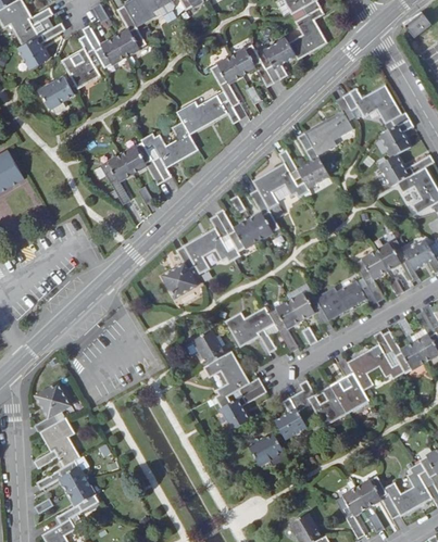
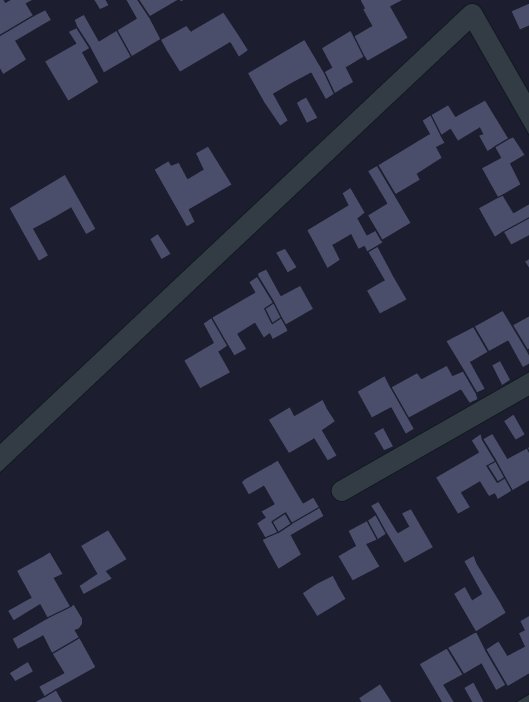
building: [38,75,73,108] -> none
building: [175,90,240,135] -> [160,12,249,72]
building: [100,140,164,204] -> [9,174,96,261]
building: [248,190,278,240] -> [366,246,408,314]
building: [267,301,300,352] -> none
building: [192,331,226,365] -> none
building: [329,358,368,415] -> [453,555,507,632]
building: [34,386,70,433] -> [79,530,128,595]

